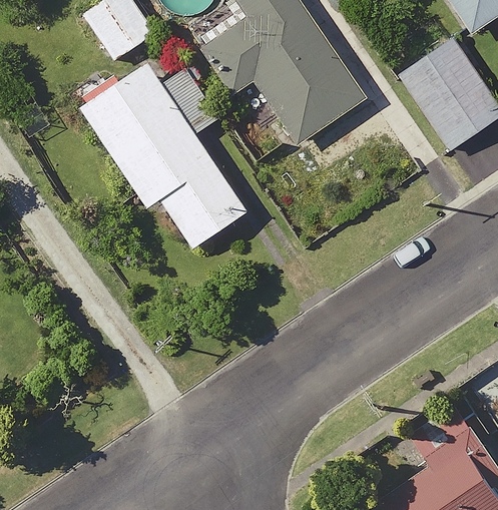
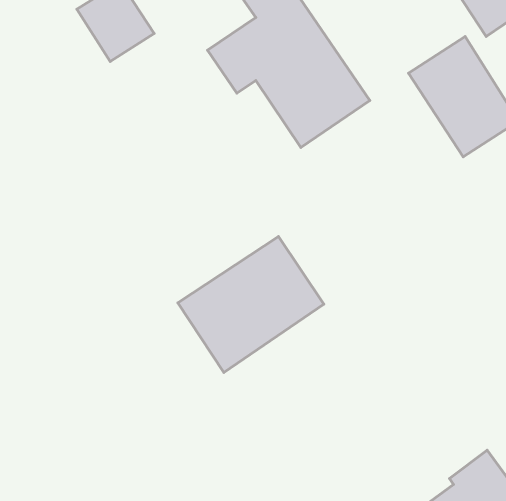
building: [79,63,247,250] -> none
building: none -> [178,236,324,372]

